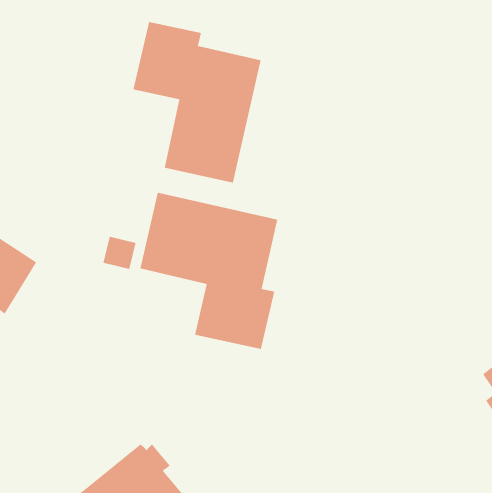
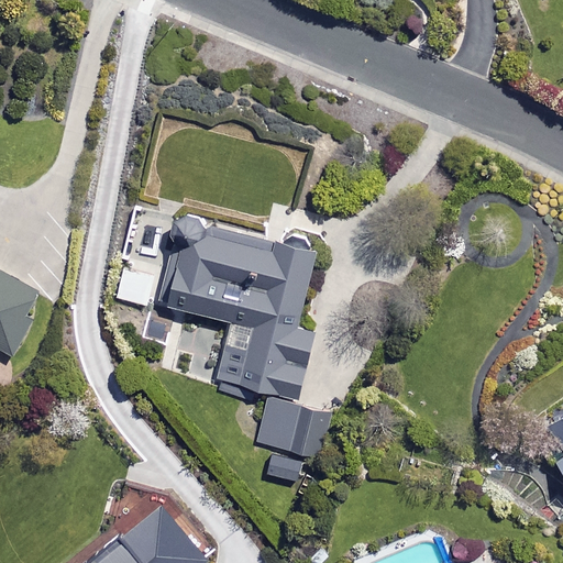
building: [133,21,262,184] -> none
building: none -> [257,400,331,459]

